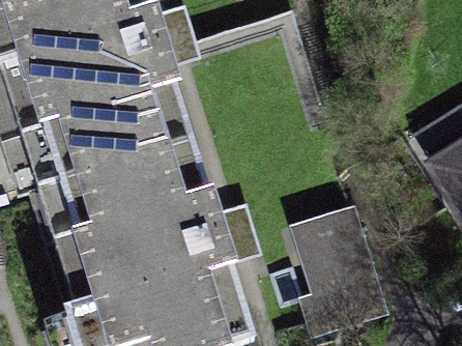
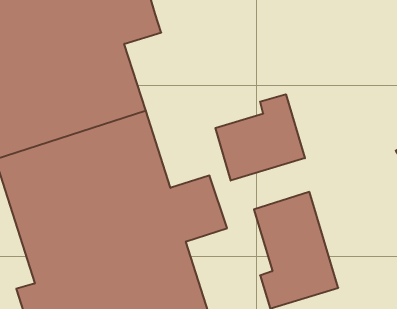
building: none -> [215,94,305,181]

